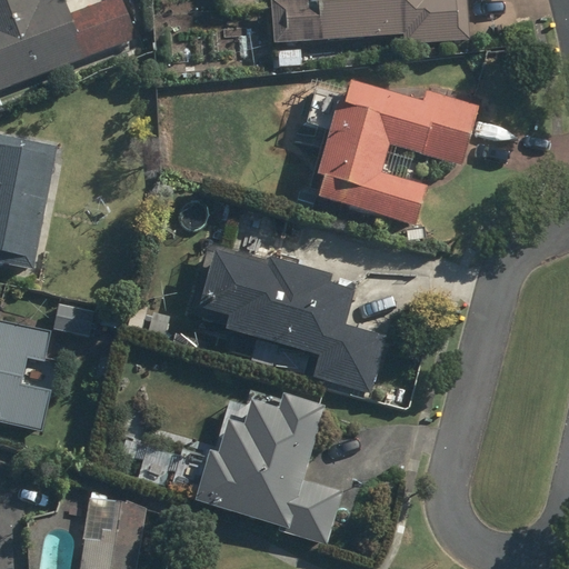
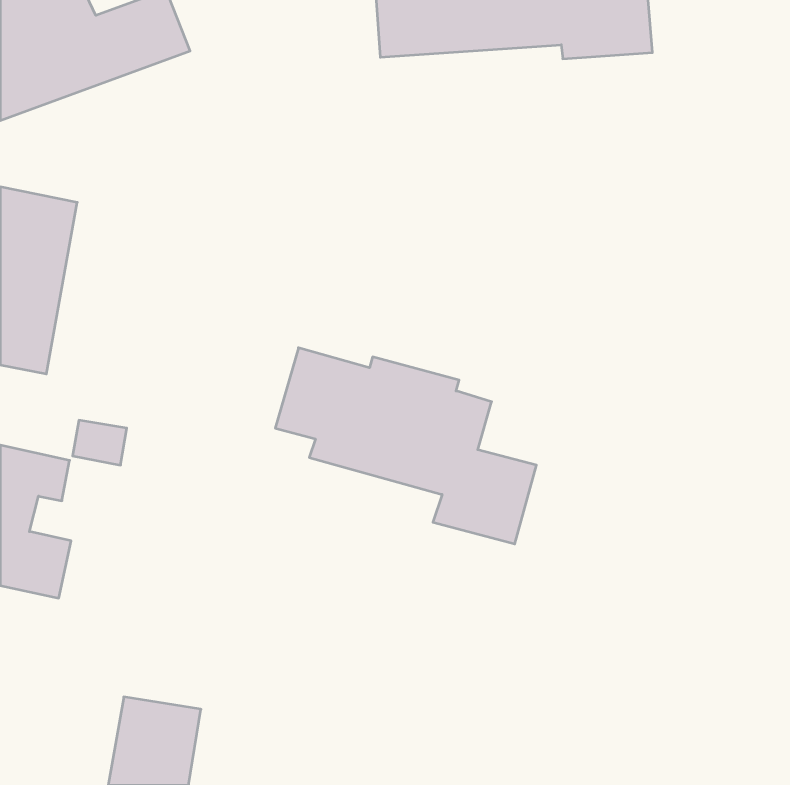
building: [306,80,478,223] -> none
building: [193,392,343,538] -> none

